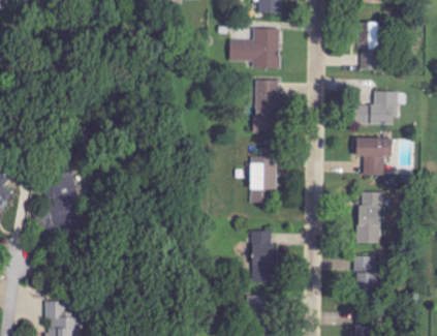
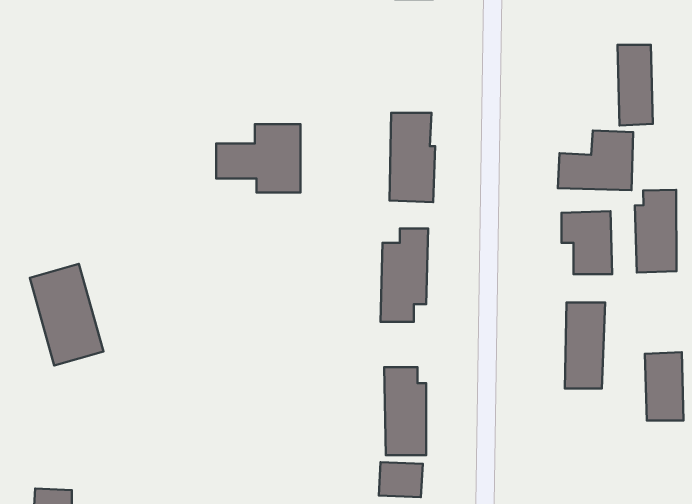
building: [358,22,379,69] -> [618,45,653,126]
building: [229,28,279,68] -> [216,124,301,192]
building: none -> [635,190,677,272]
building: [353,255,376,296] -> [645,352,684,421]

